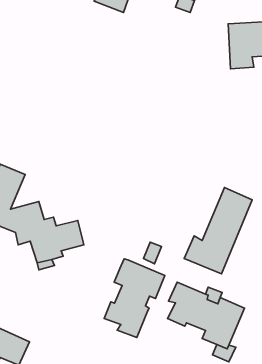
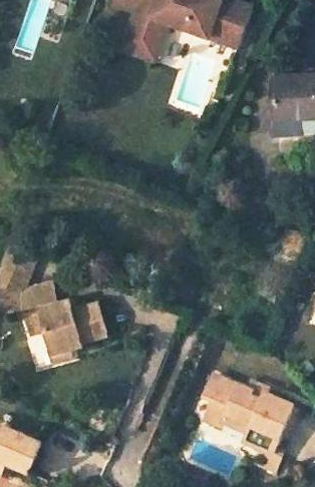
building: [184,188,252,274] -> none
building: [104,259,165,338] -> none

